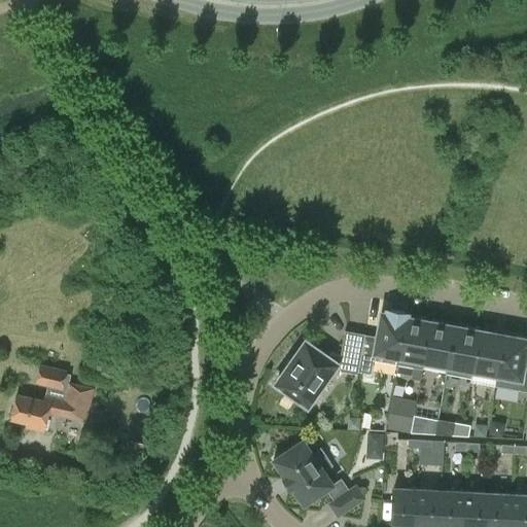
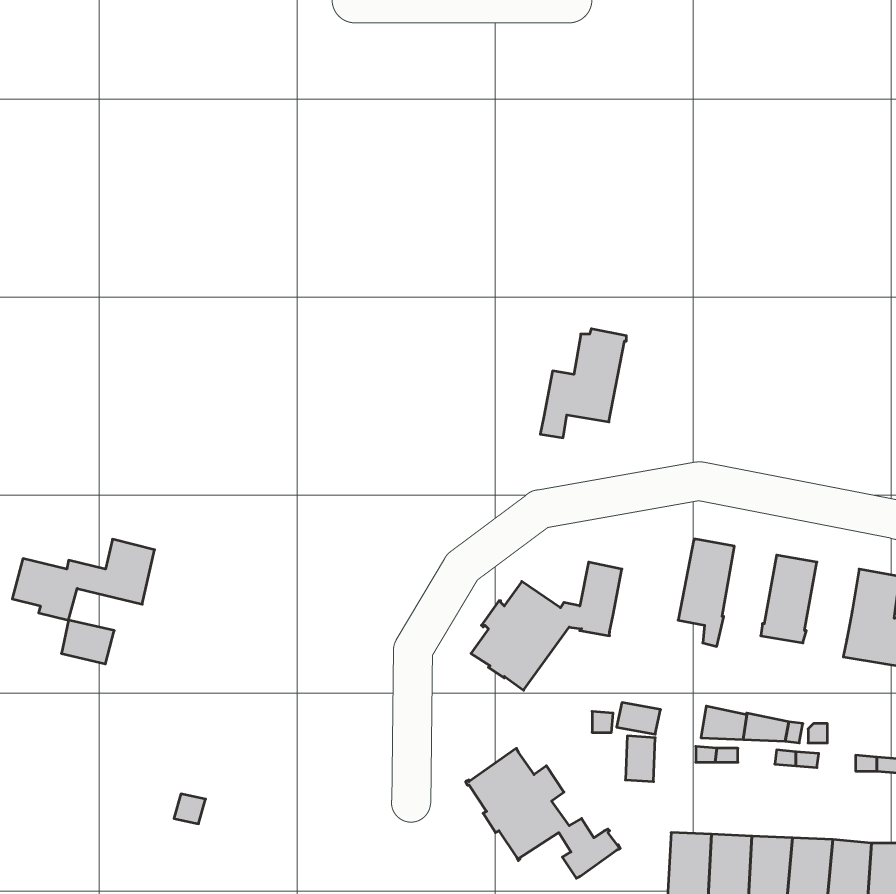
building: [358,311,409,375] -> [540,329,626,438]
building: [424,322,456,367] -> none
building: [472,331,504,377] -> none
building: [11,384,95,431] -> [12,539,155,620]
building: [388,397,417,434] -> none

